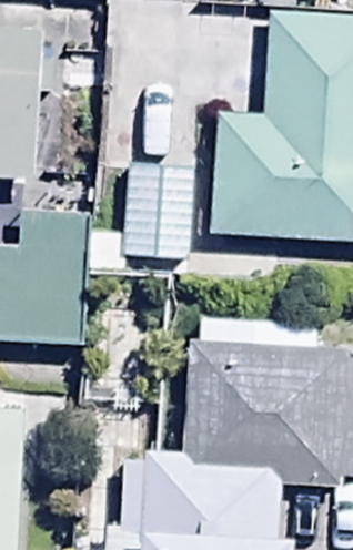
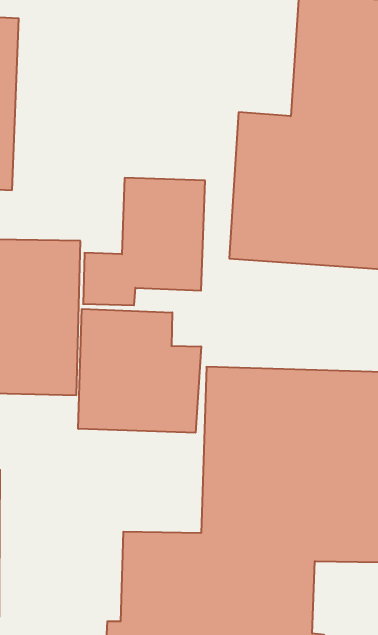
building: none -> [78,309,201,433]

